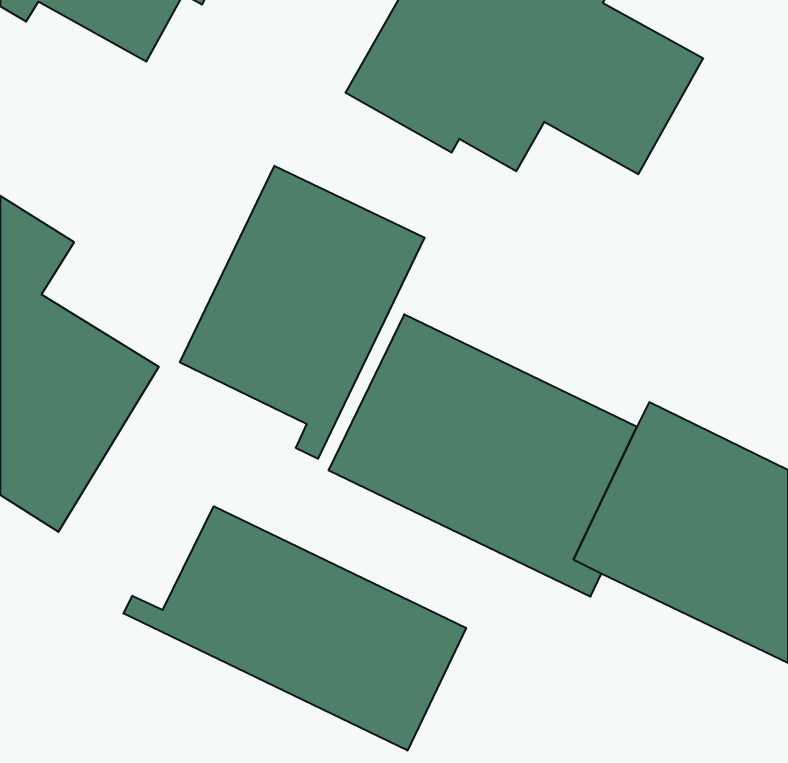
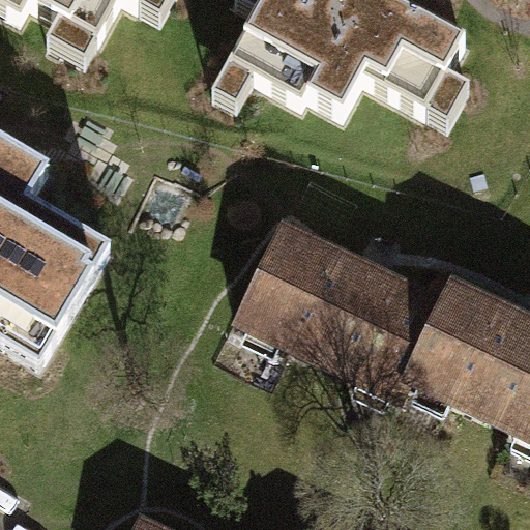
building: [180,166,425,459] -> none
building: [123,506,466,751] -> none

